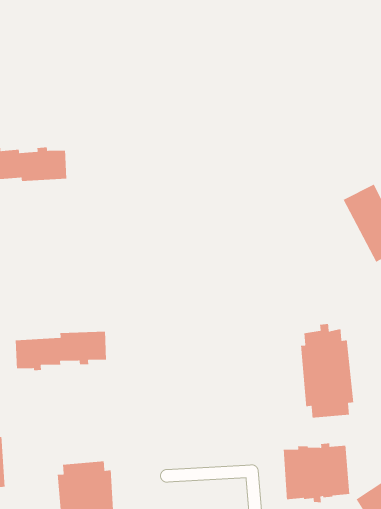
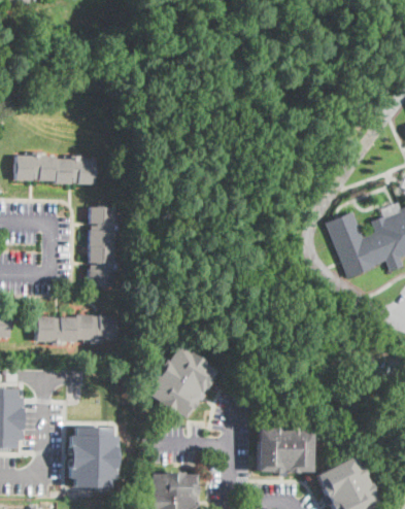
building: none -> [89,207,117,286]
building: [300,323,354,418] -> none
building: none -> [145,347,213,418]

